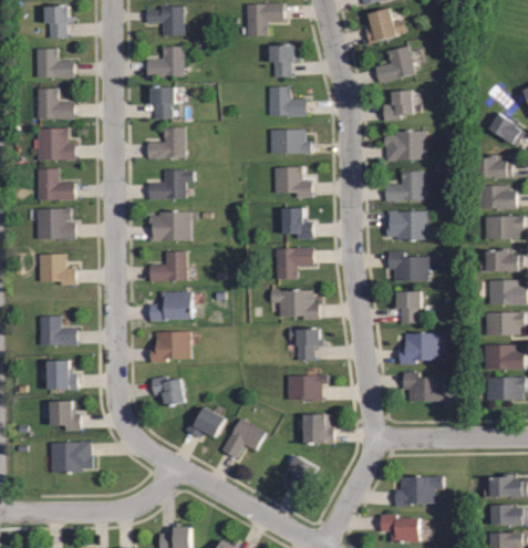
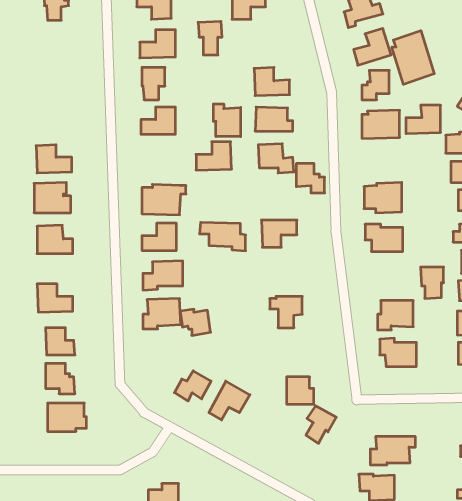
building: [268,45,293,81] -> [198,21,222,55]
building: none -> [392,31,434,84]
building: [38,48,75,77] -> none
building: [38,89,75,117] -> none
building: none -> [213,104,241,137]
building: [37,128,75,161] -> none
building: [149,169,187,199] -> [196,142,232,170]
building: [384,172,421,201] -> [406,105,441,134]
building: [281,210,311,241] -> [296,164,325,193]
building: [267,291,315,321] -> [200,222,246,251]
building: [394,291,418,324] -> [421,267,444,298]
building: [286,374,325,402] -> none
building: [151,379,183,406] -> [180,309,211,335]
building: [284,455,317,495] -> [306,406,336,443]

